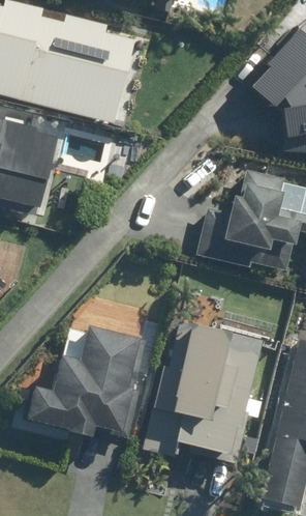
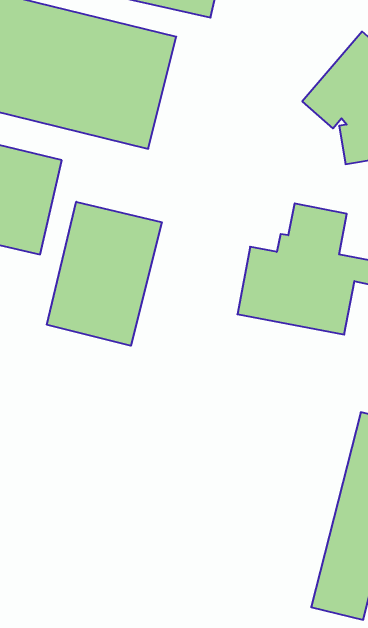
building: none -> [47,202,162,346]
building: [146,321,262,465] -> none
building: [27,326,144,436] -> none

